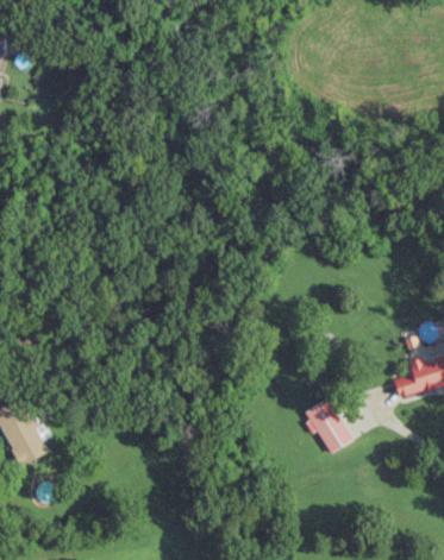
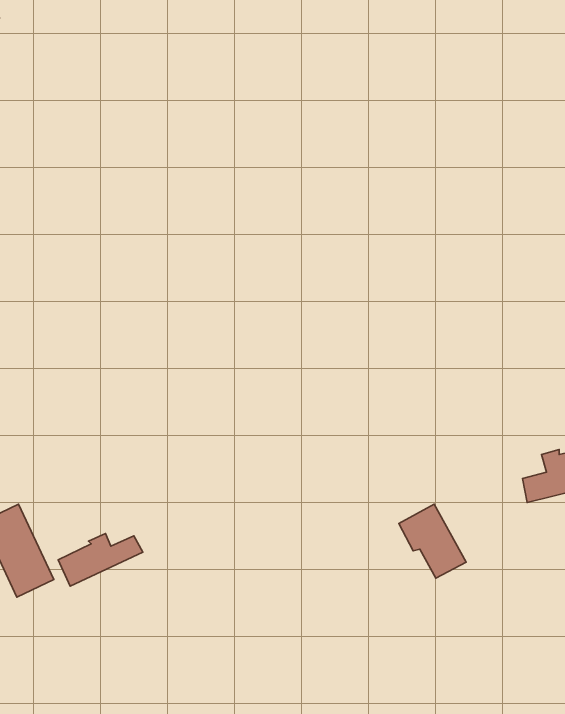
building: none -> [58,534,143,586]

